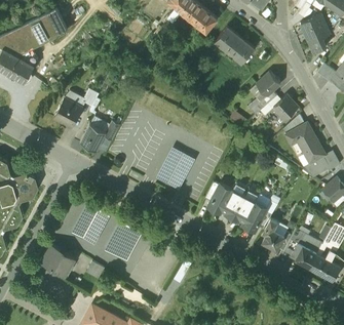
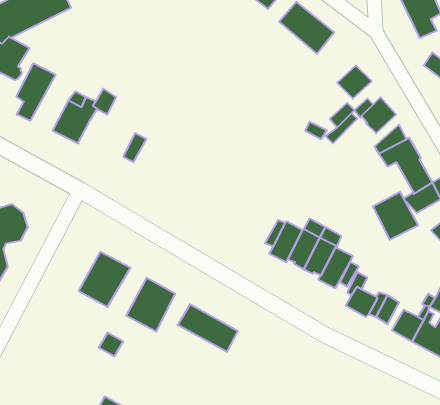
building: none -> [16,63,55,121]
building: [80,124,106,152] -> none
building: [156,149,193,190] -> none
building: none -> [373,192,418,240]
building: none -> [178,304,238,352]
building: [39,244,75,278] -> none

